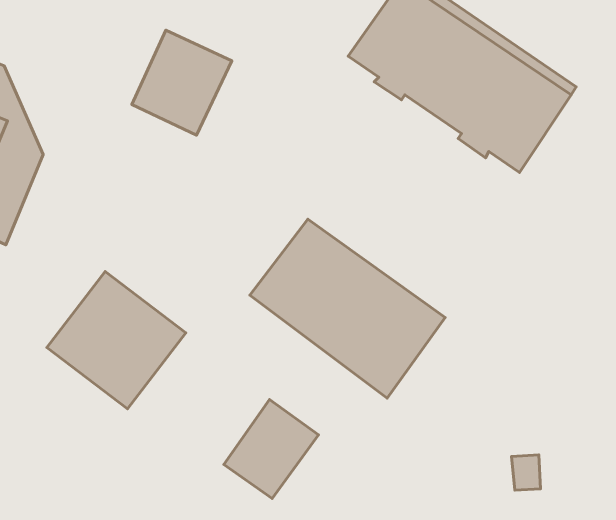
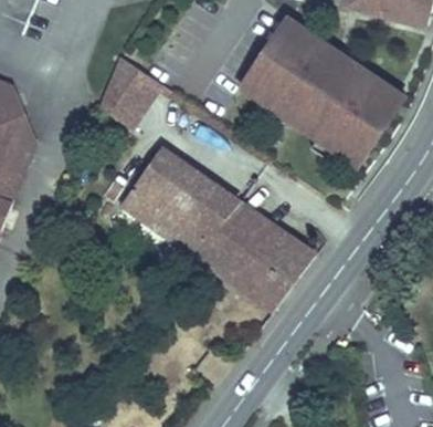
building: none -> [239,75,362,166]
building: [47,272,186,409] -> [123,145,218,239]
building: [224,400,318,498] -> none

